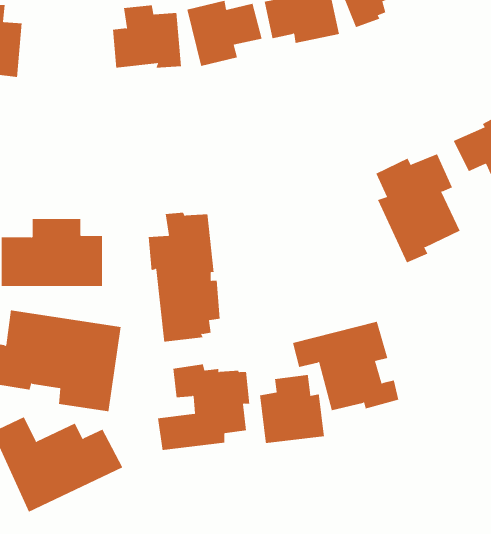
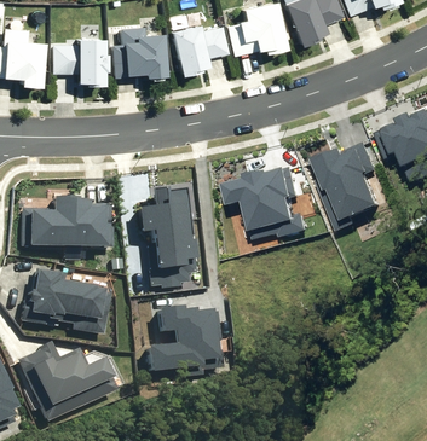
building: none -> [51,35,108,83]
building: [292,321,399,411] -> [226,166,310,236]
building: [260,374,325,444] -> none

